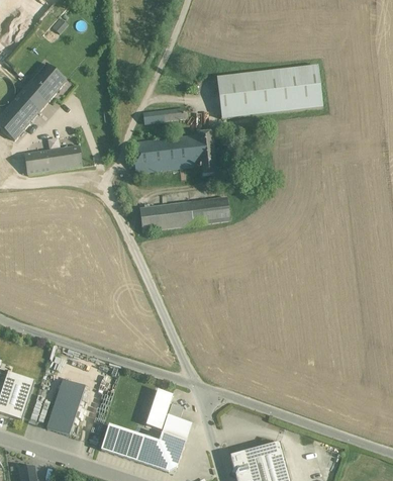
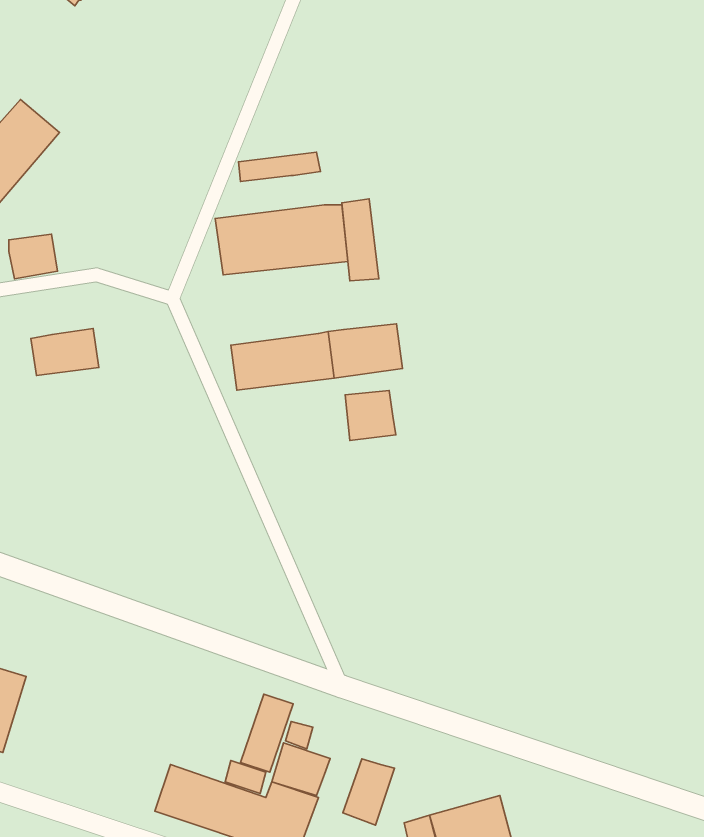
building: [30,62,66,97] -> none
building: [215,65,321,117] -> none
building: [46,145,82,169] -> [31,329,99,375]
building: none -> [345,391,396,441]
building: [46,379,85,435] -> none
building: none -> [343,759,394,825]

